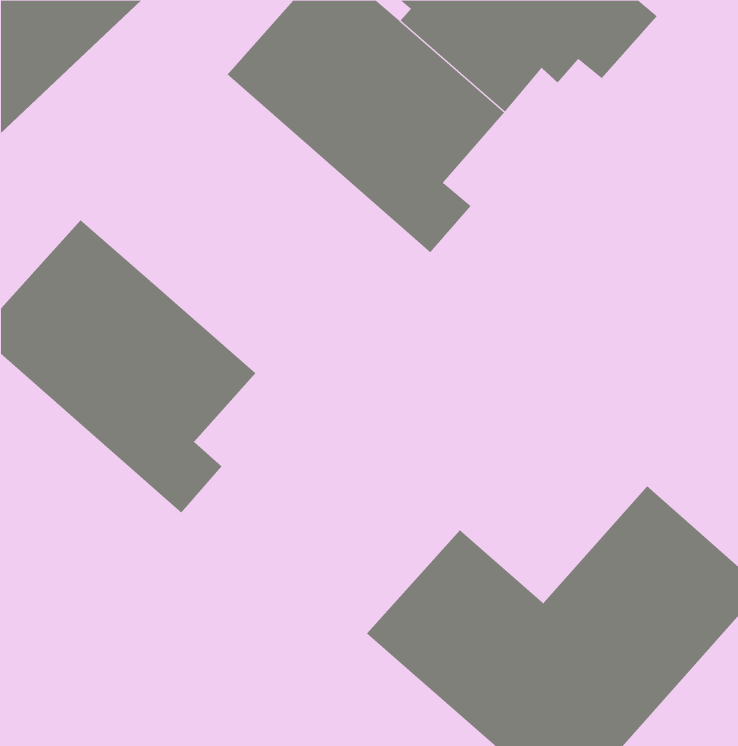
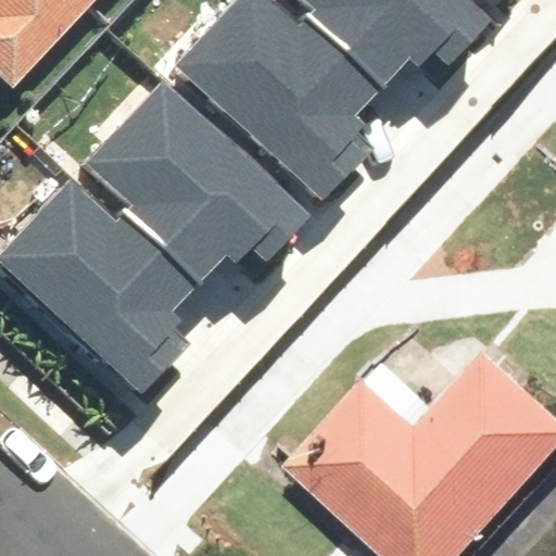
building: none -> [78,72,311,278]

